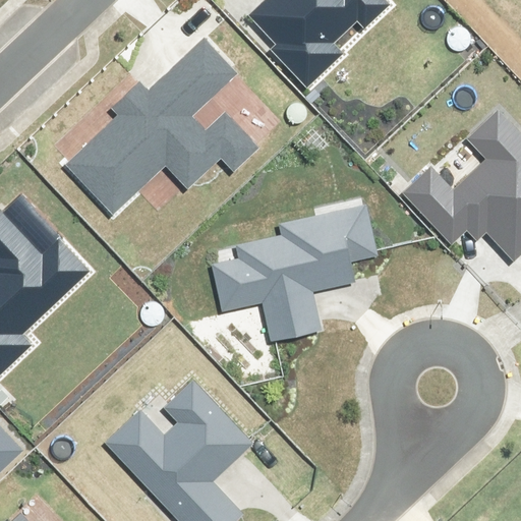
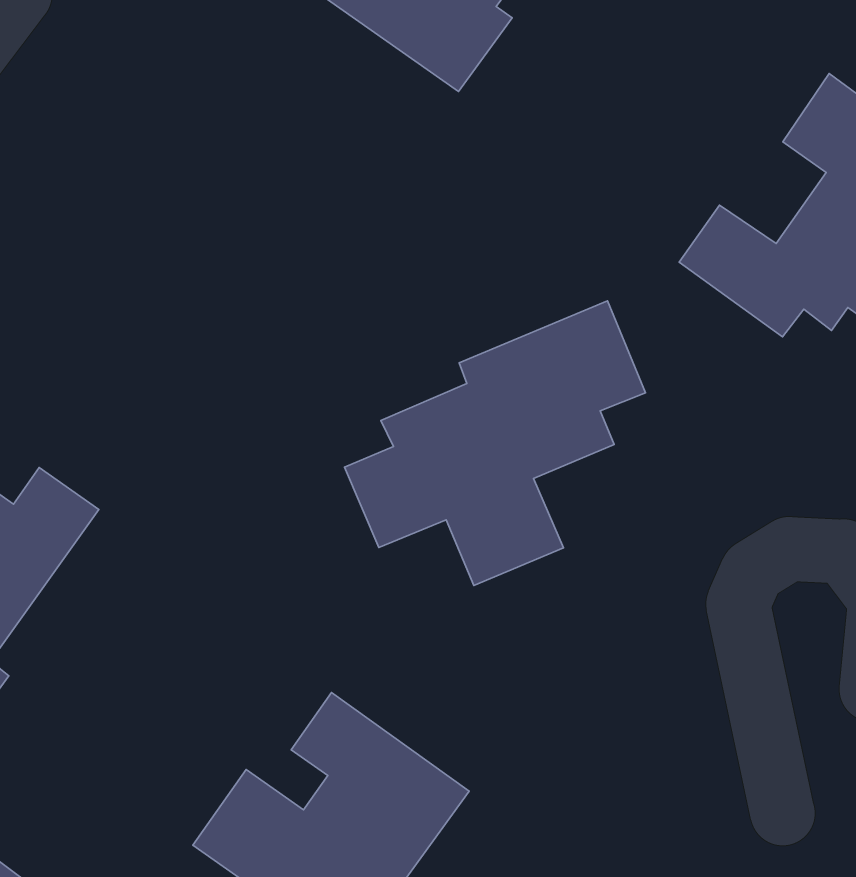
building: [66,42,258,212] -> none

